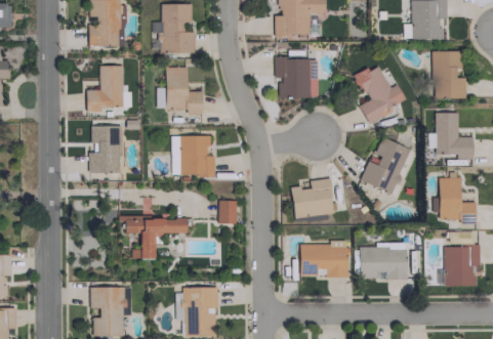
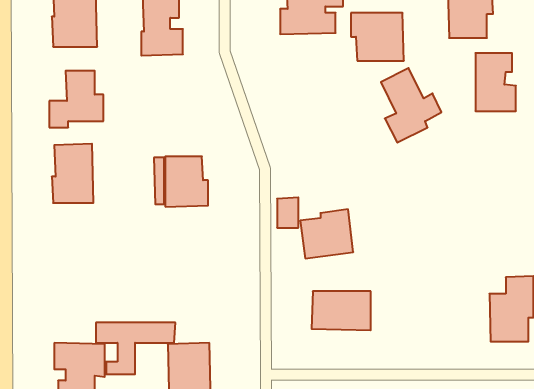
building: [275,58,318,97] -> [351,13,404,61]
building: [166,68,202,115] -> none
building: [435,113,473,158] -> none
building: [361,136,411,194] -> none
building: [438,177,476,222] -> none
building: [218,200,236,224] -> [277,197,298,228]
building: [123,217,188,259] -> [96,323,175,374]
building: [359,243,406,280] -> none

